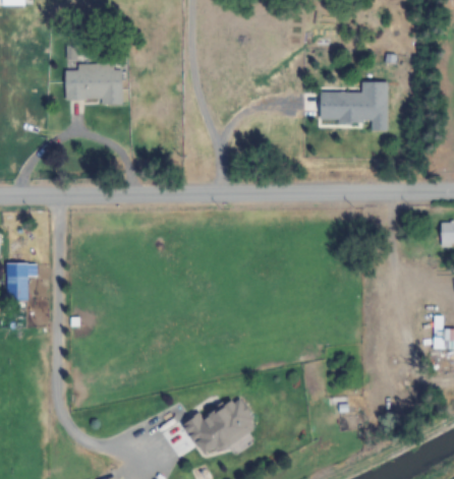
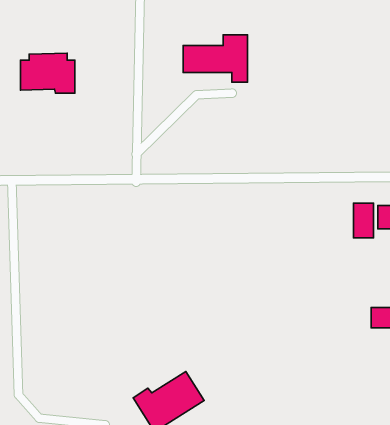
building: [321,80,388,130] -> [183,35,247,82]
building: none -> [353,203,373,238]

